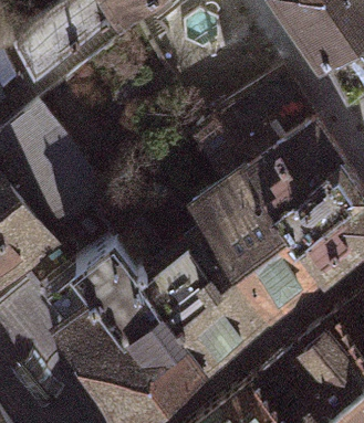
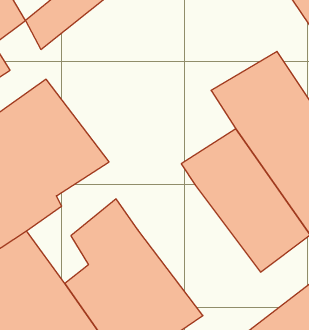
building: [153,225,284,364] -> none

